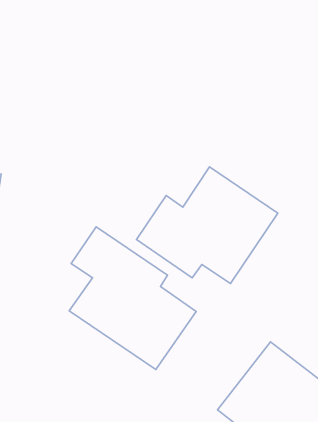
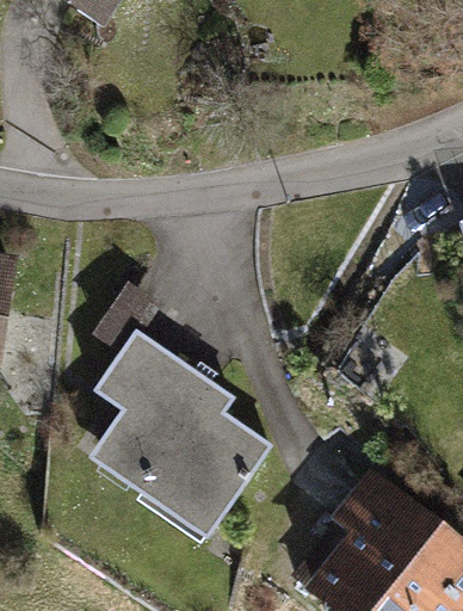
building: [136,167,278,283] -> none

